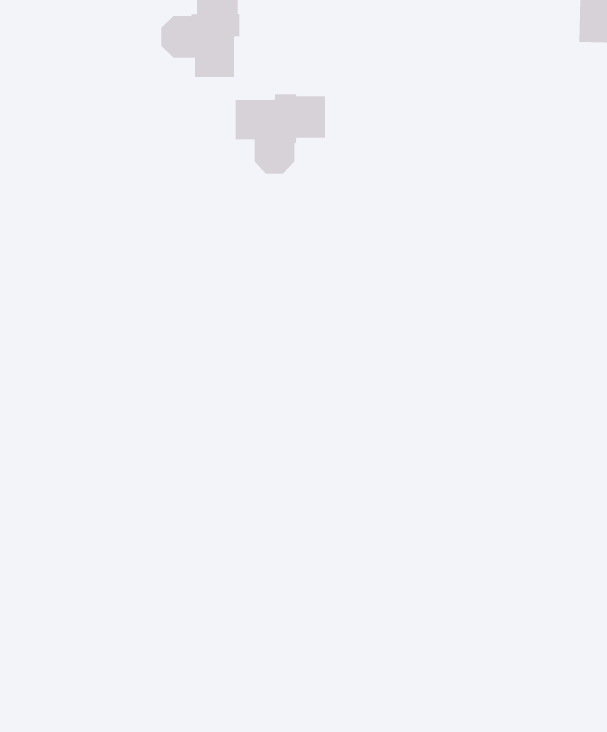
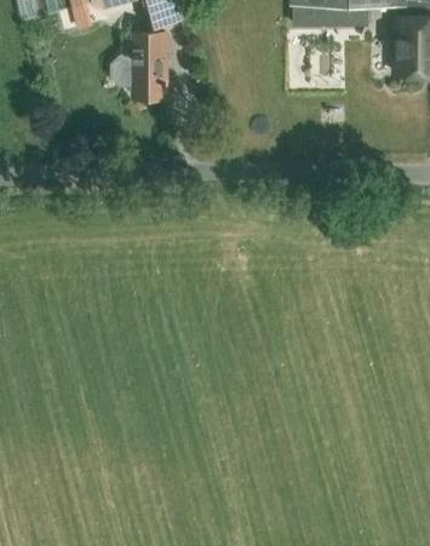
building: [235,94,325,174] -> none

